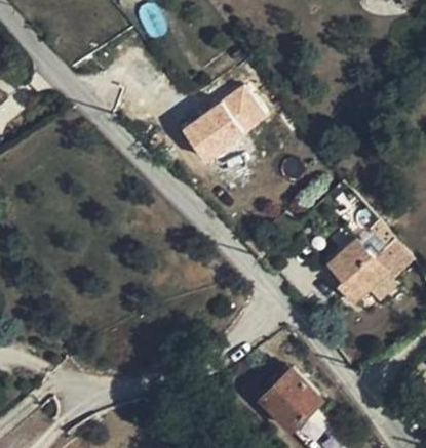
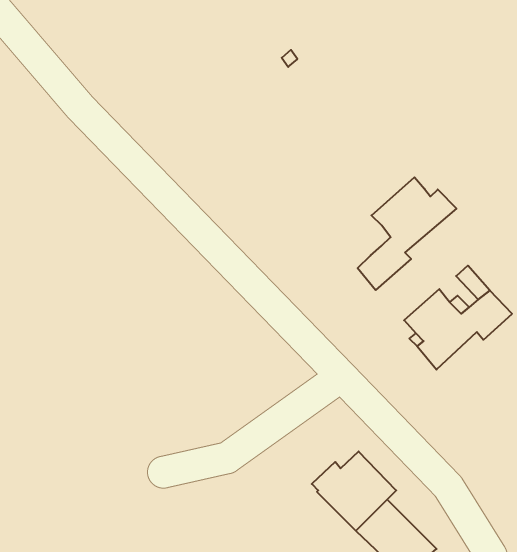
building: [177,87,265,165] -> none
building: none -> [358,177,456,290]

